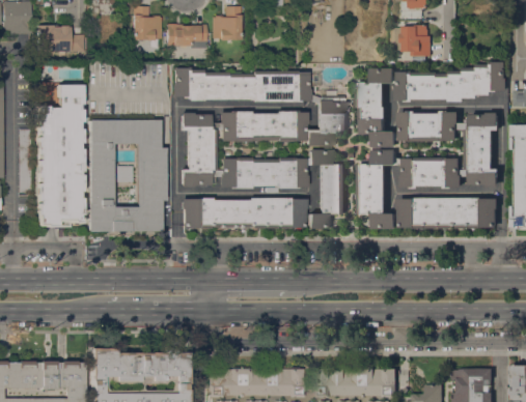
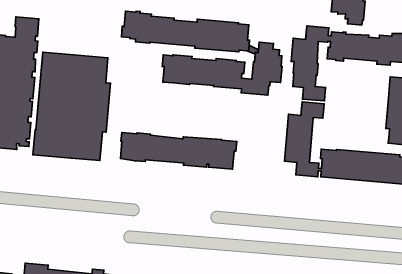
building: [397,112,459,142] -> none
building: [181,113,347,229] -> none
building: [402,157,462,189] -> none

